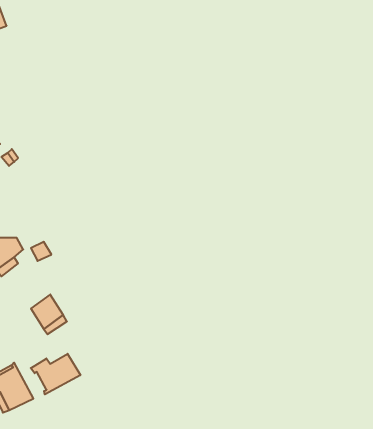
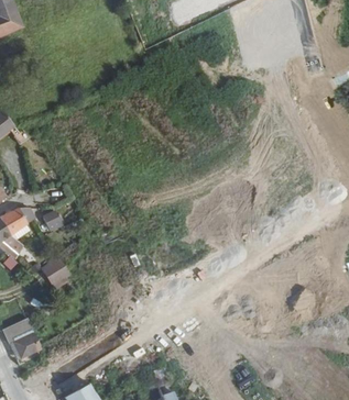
building: [31,354,80,394] -> none

